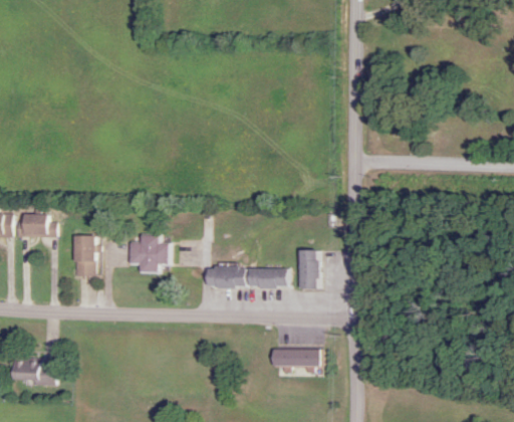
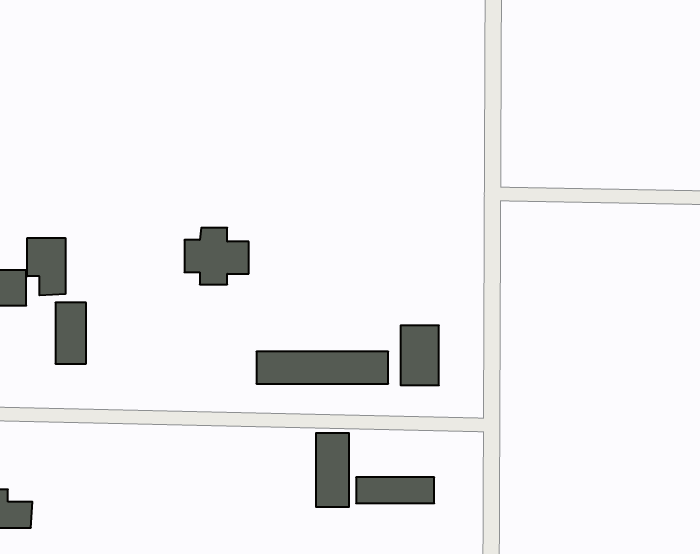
building: none -> [27,238,65,295]
building: [128,234,171,271] -> [184,228,249,284]
building: none -> [316,433,349,507]

